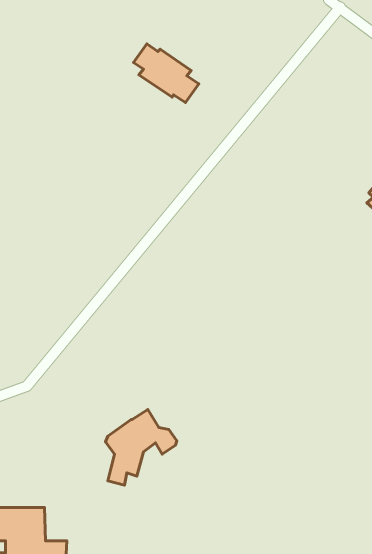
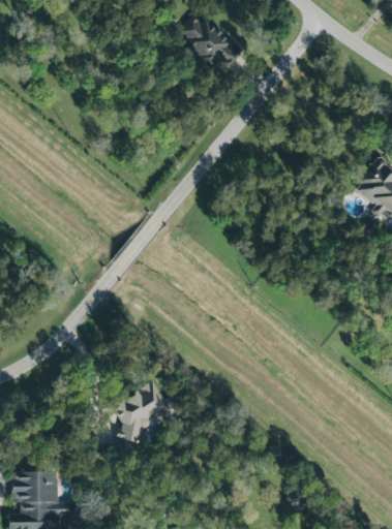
building: [133,44,199,103] -> [179,17,240,71]

